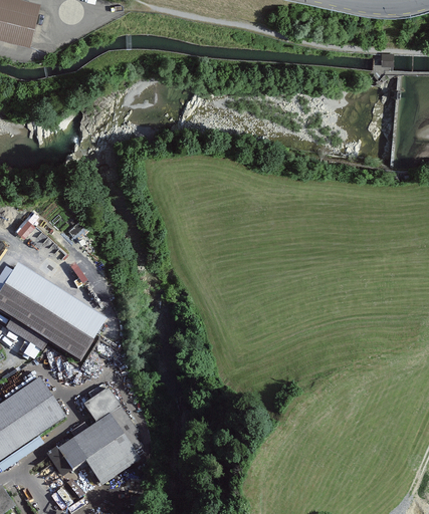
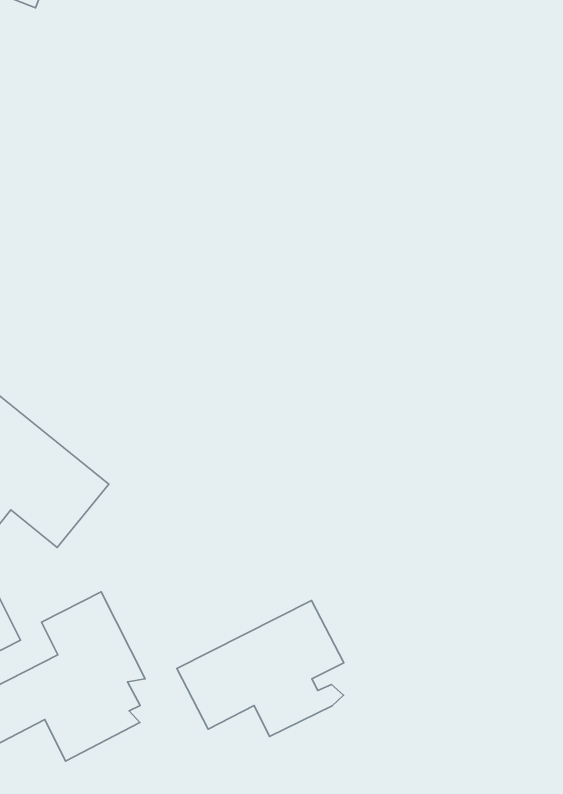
building: none -> [177,601,344,737]

